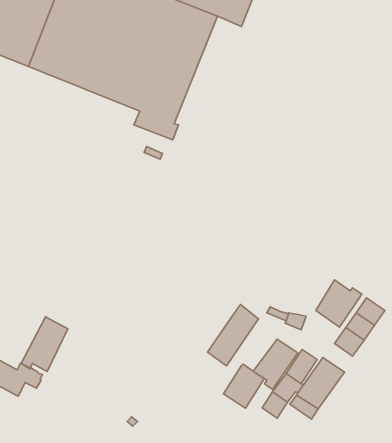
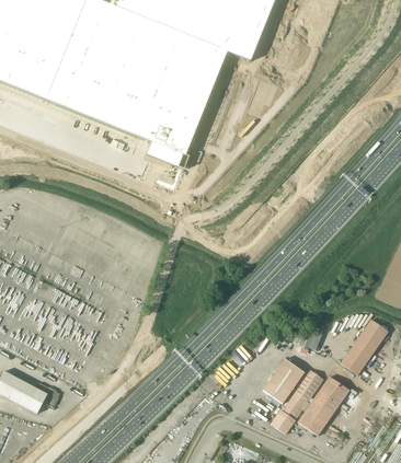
building: [316,280,362,327] -> none
building: [207,305,258,366] -> none
building: [21,317,68,372] -> none
building: [223,364,264,408] -> none

